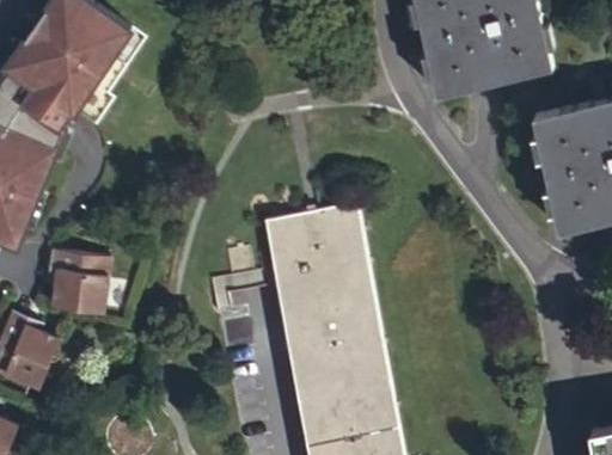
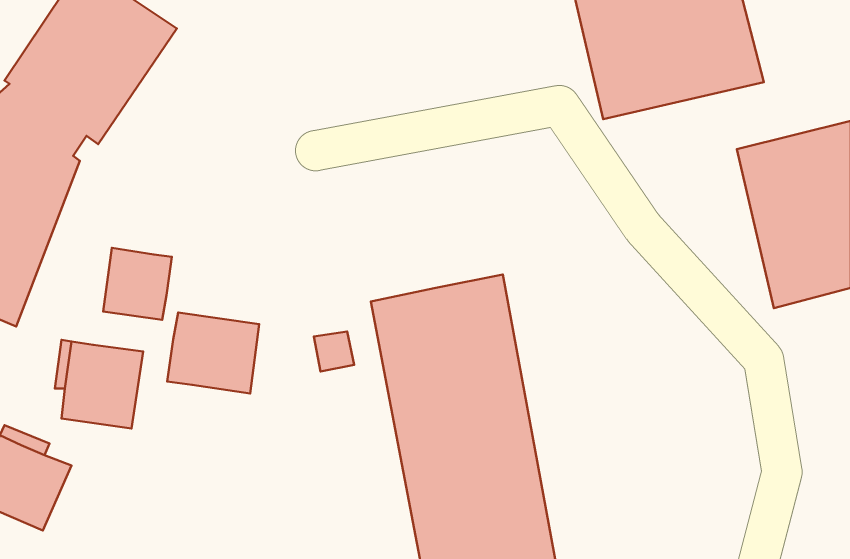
building: none -> [103,248,172,320]
building: none -> [167,313,259,394]

